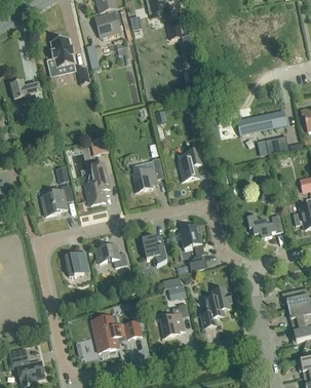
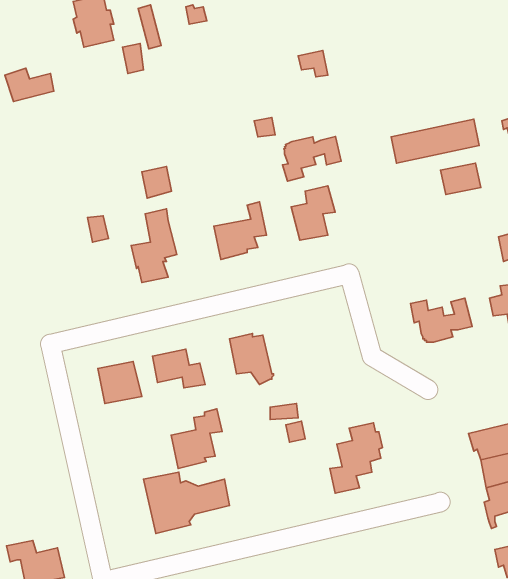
building: none -> [282,136,341,181]
building: [40,184,72,215] -> none
building: [174,225,203,270] -> none
building: [158,302,188,337] -> [171,409,222,468]

